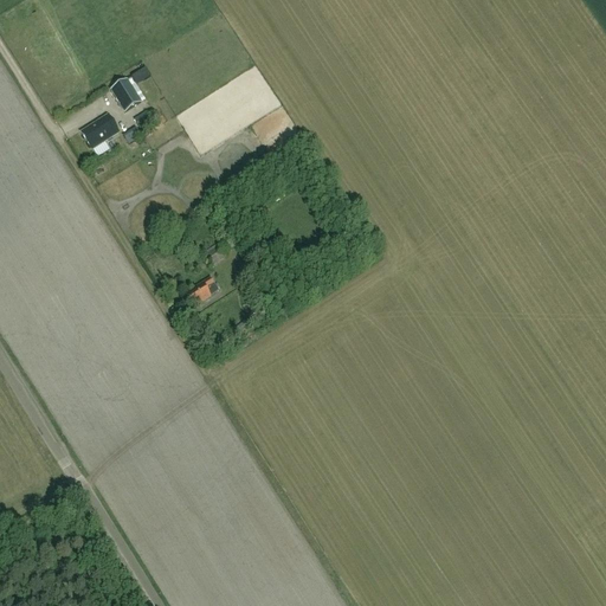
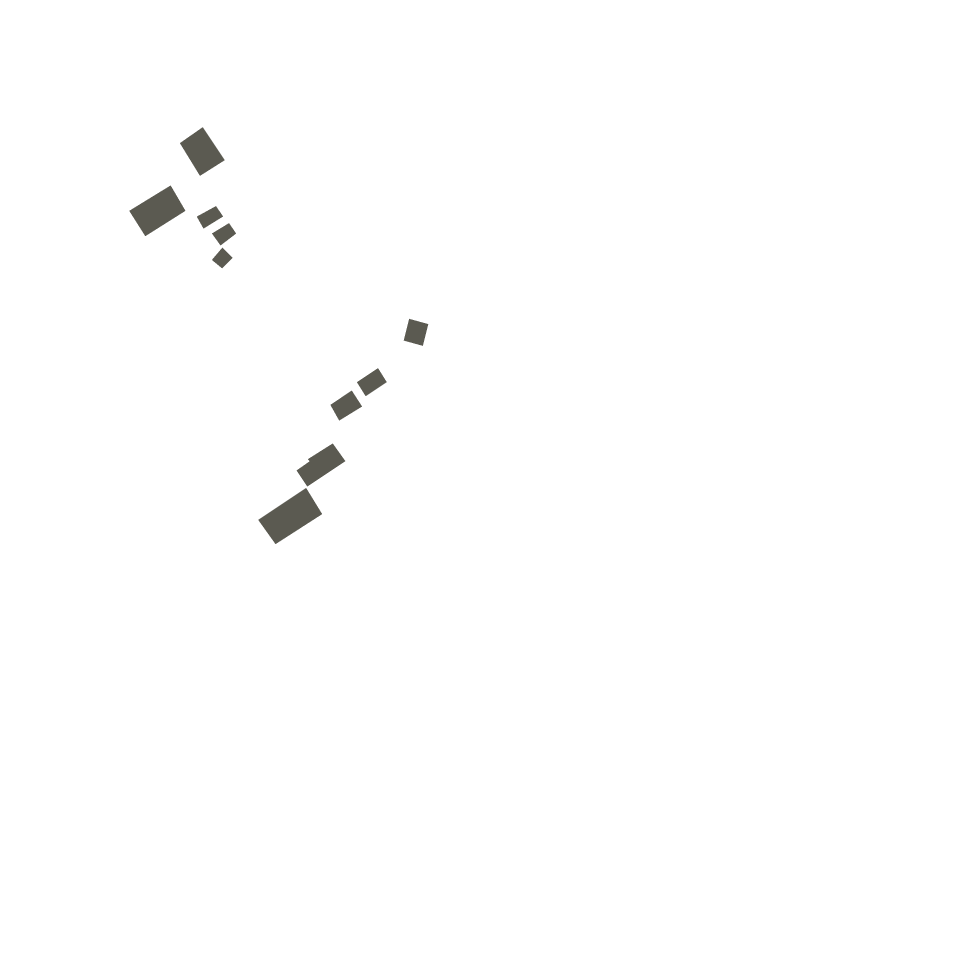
building: none -> [257,487,323,545]

